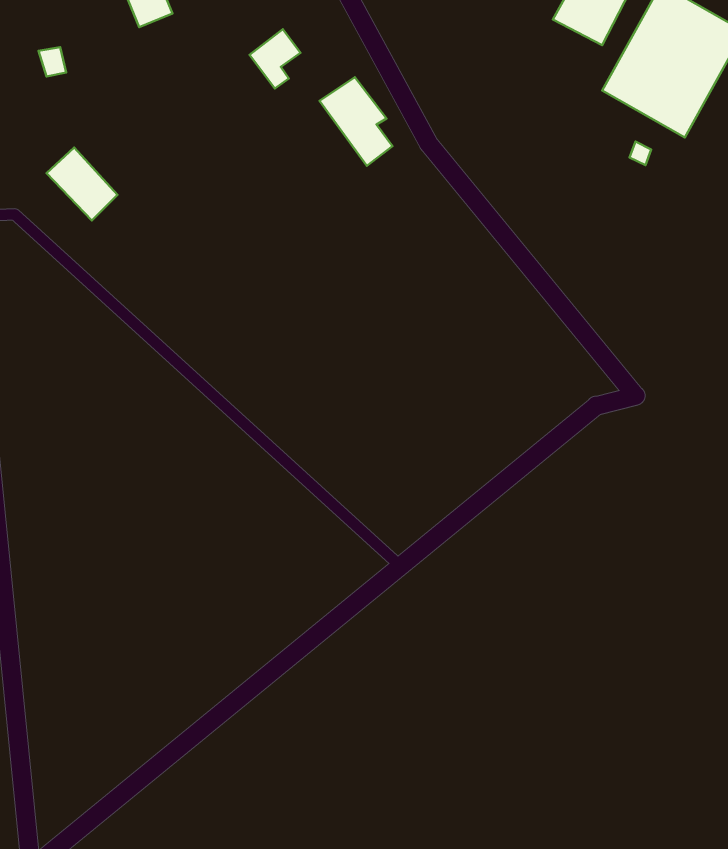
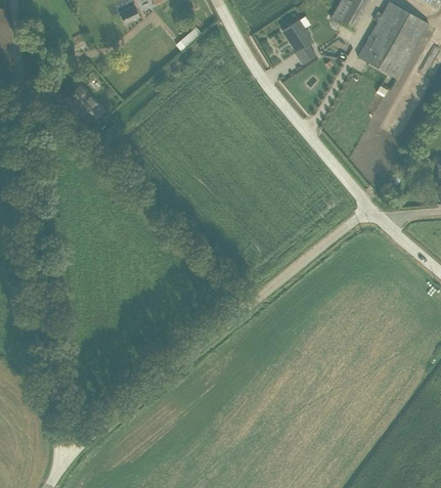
building: [319,77,392,166] -> [277,17,315,63]

